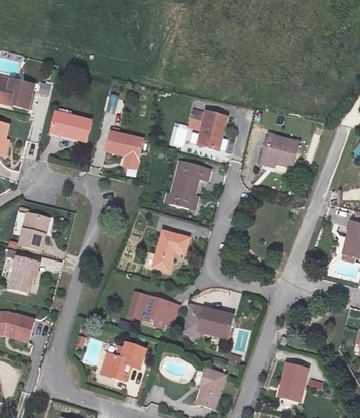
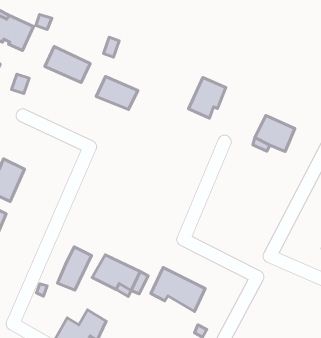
building: [170,166,214,210] -> none
building: [154,225,189,264] -> none
building: none -> [57,247,92,290]

